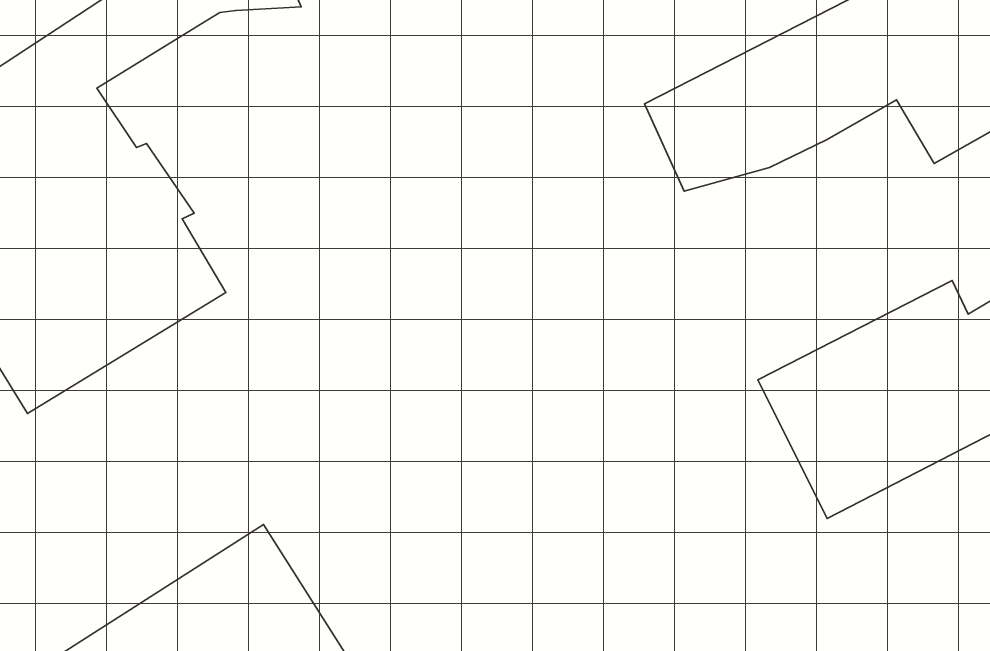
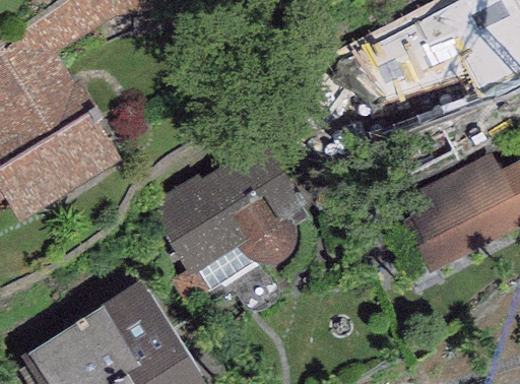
building: none -> [148,140,307,277]

